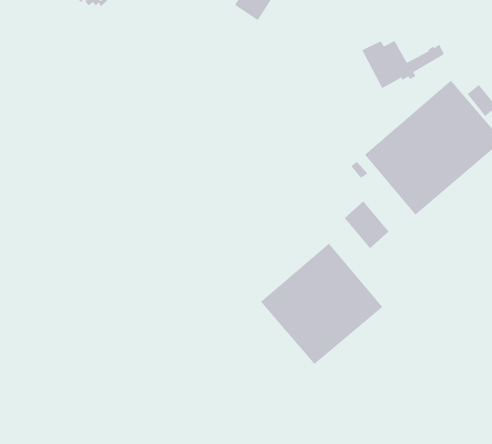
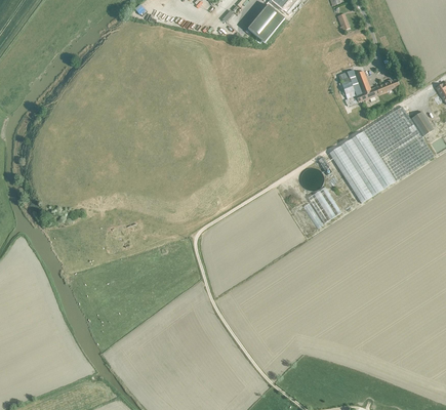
building: [260,243,383,365] -> none

